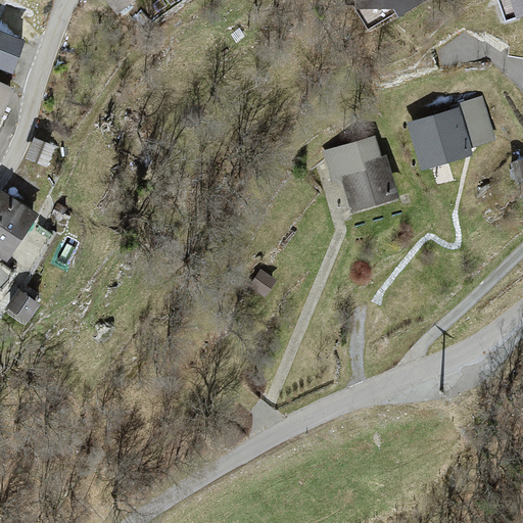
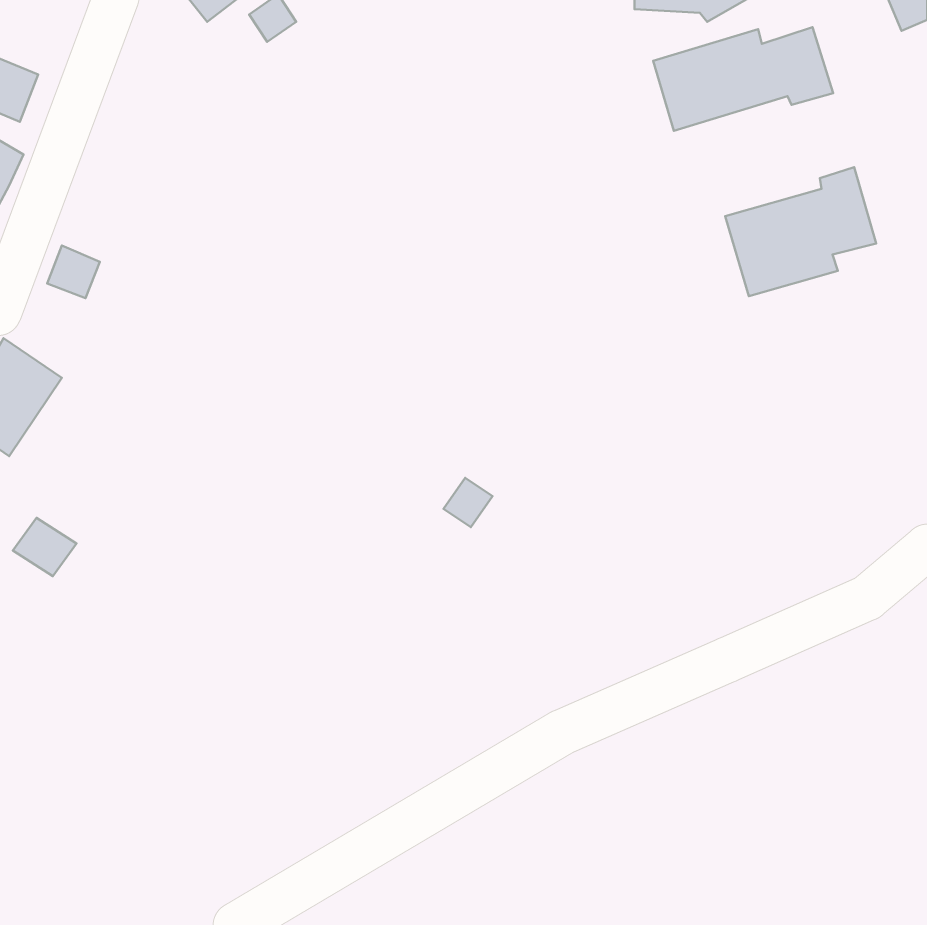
building: none -> [653,27,833,131]
building: [326,138,396,208] -> none

